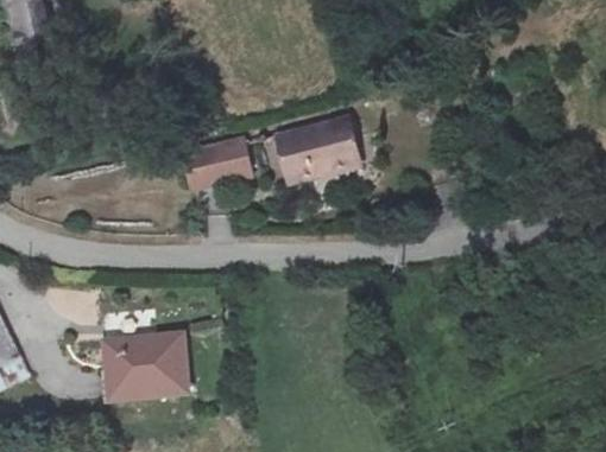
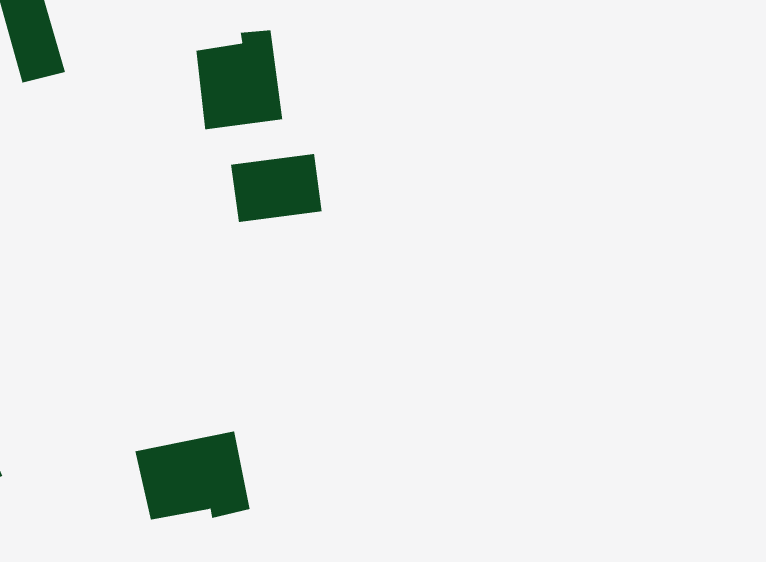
building: none -> [196,30,283,130]
building: [272,116,354,182] -> none

